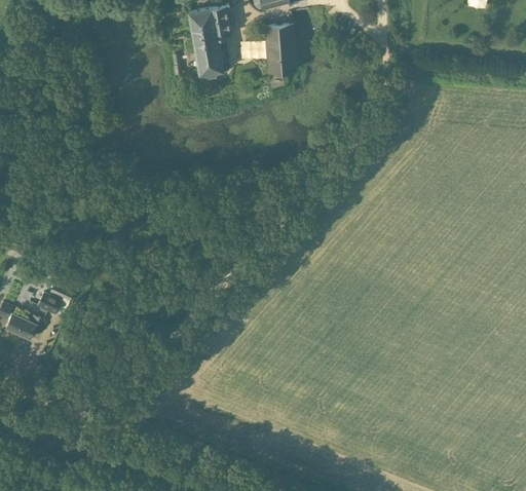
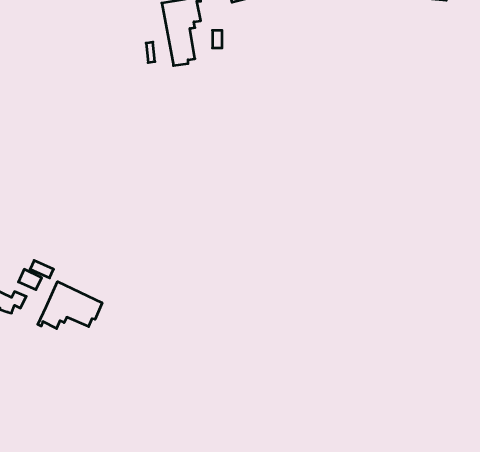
building: [263,23,297,73] -> none
building: none -> [38,282,102,329]

